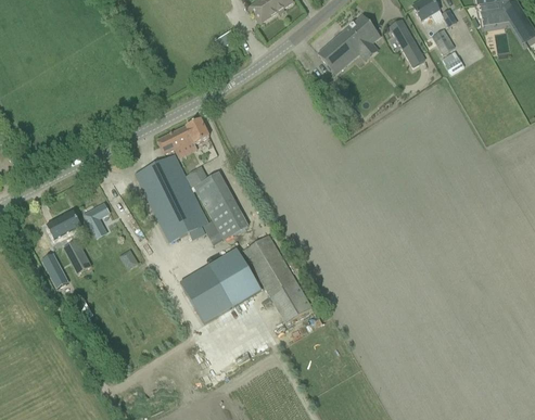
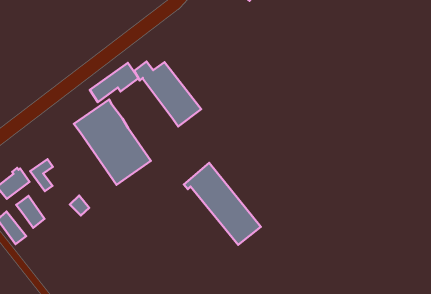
building: [186,167,249,239] -> [134,62,201,126]
building: [179,247,260,322] -> none

